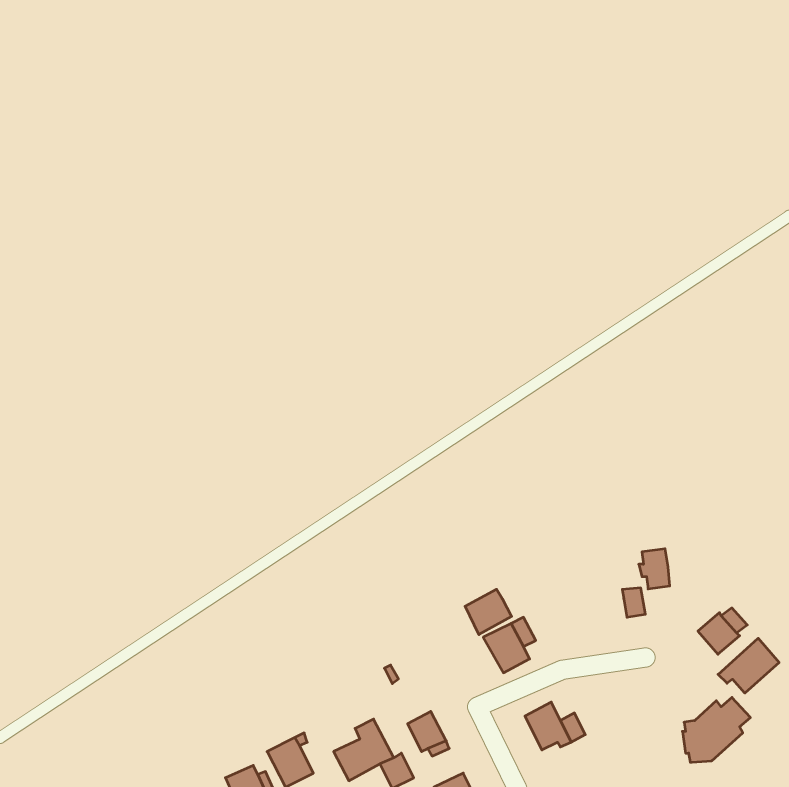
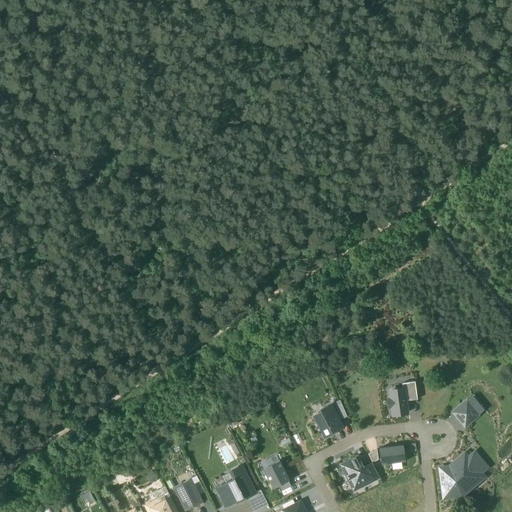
building: [639,549,670,589] -> [387,389,407,415]
building: [465,589,512,635] -> none
building: [718,638,779,693] -> none
building: none -> [379,445,405,464]

